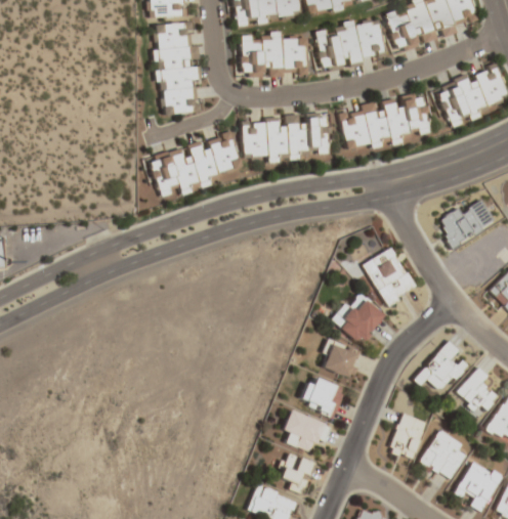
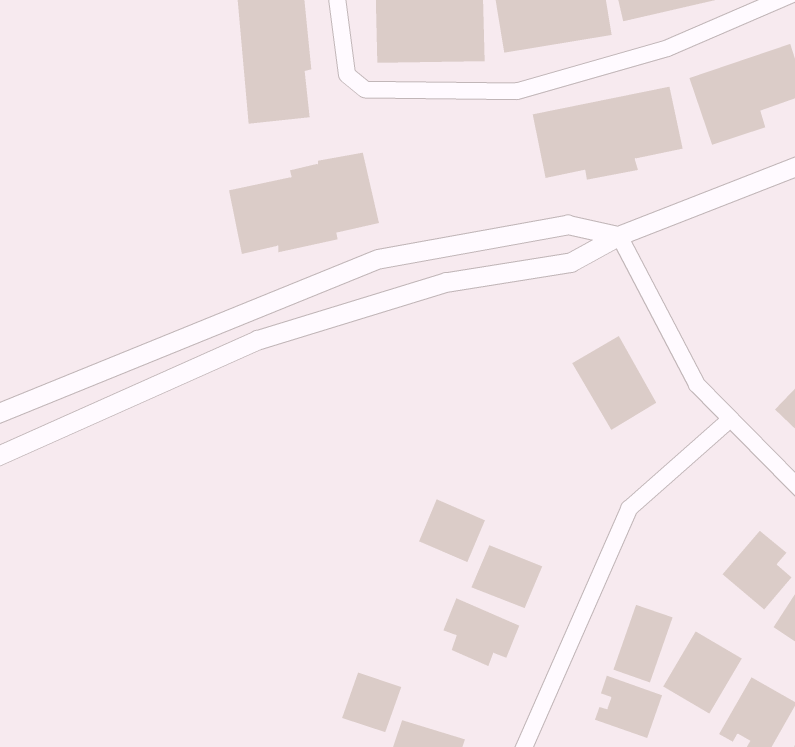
building: [241,111,331,159] -> none
building: [437,200,496,247] -> none
building: [332,291,385,344] -> none
building: [319,338,361,378] -> [418,499,486,563]
building: [413,340,470,392] -> none
building: [277,452,314,490] -> [341,672,402,733]
building: none -> [594,675,663,739]

